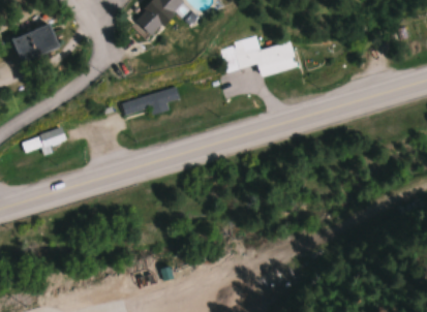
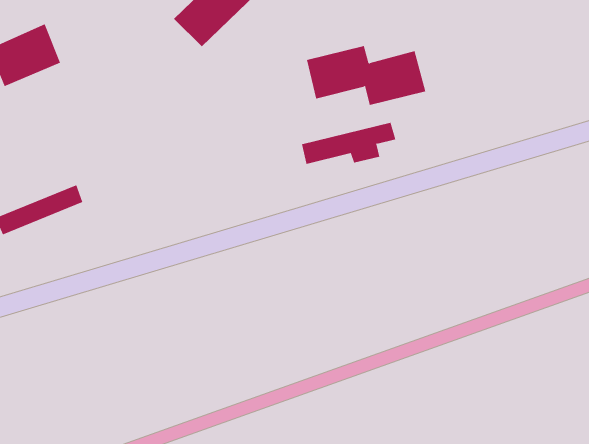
building: [118,88,180,116] -> [301,122,396,165]

